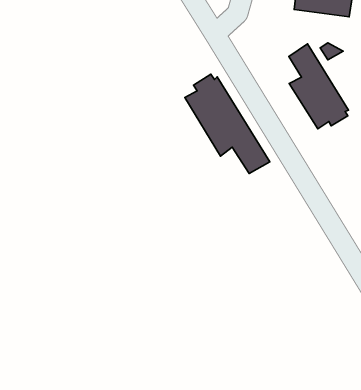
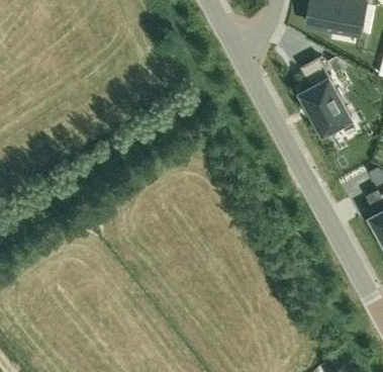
building: [185,74,270,174] -> none

